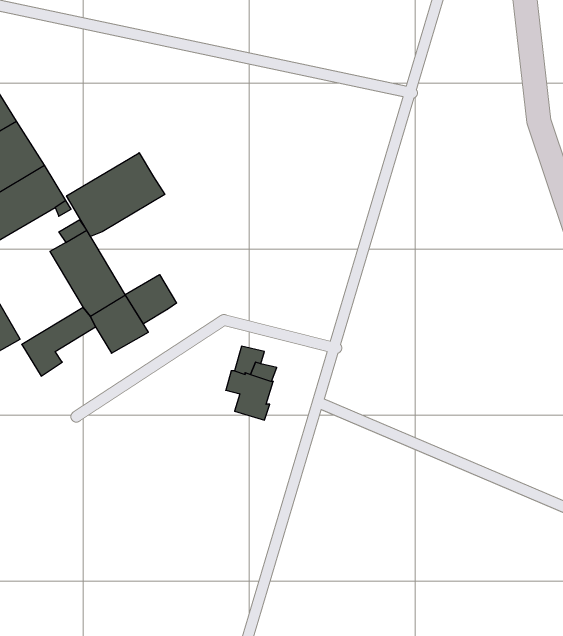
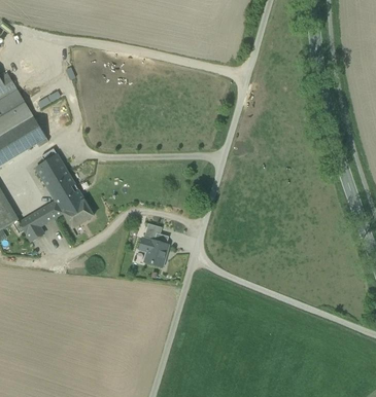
building: [67,153,165,237] -> none
building: [125,275,177,324] -> none

